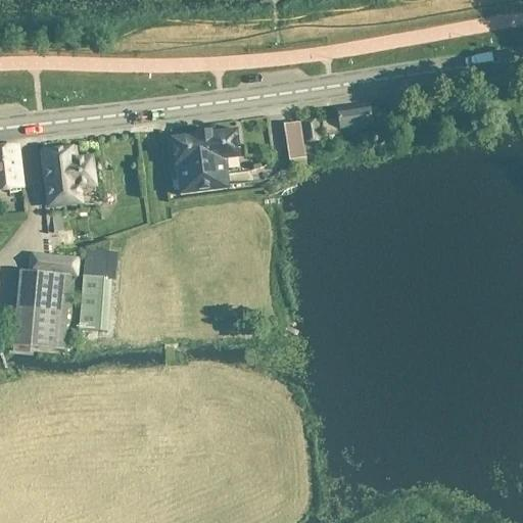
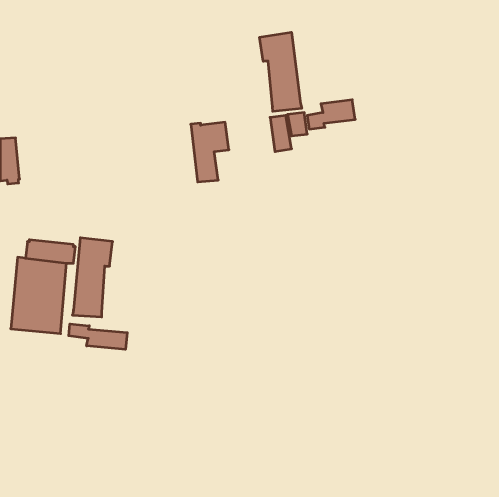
building: none -> [260,32,302,111]
building: [171,130,207,194] -> none
building: [43,147,92,203] -> none
building: none -> [69,324,127,349]

